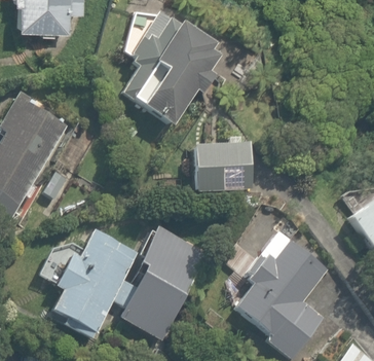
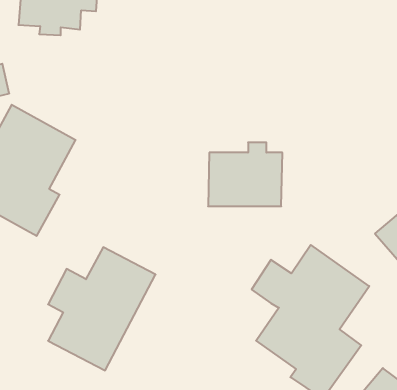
building: [120,13,223,127] -> none
building: [110,226,205,340] -> none

